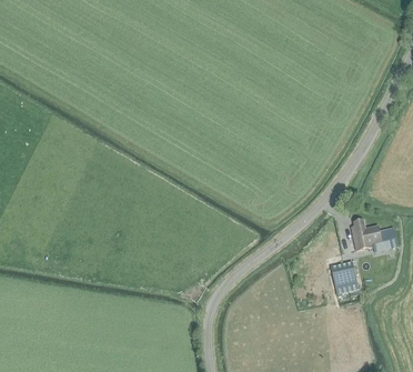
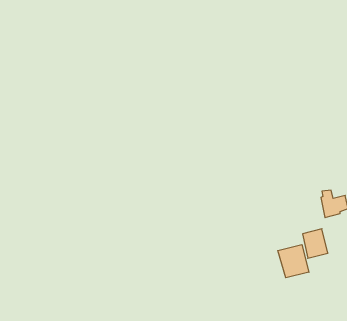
building: none -> [278,245,309,278]

